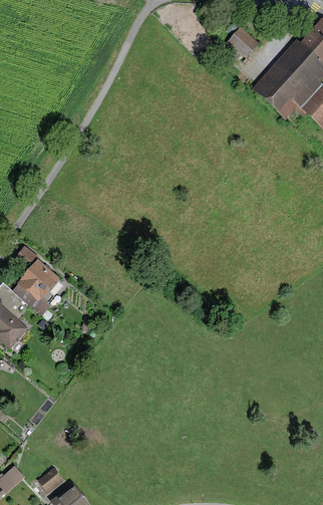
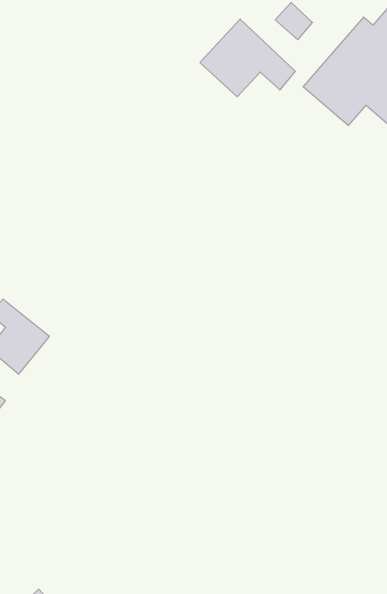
building: none -> [200,19,295,97]

